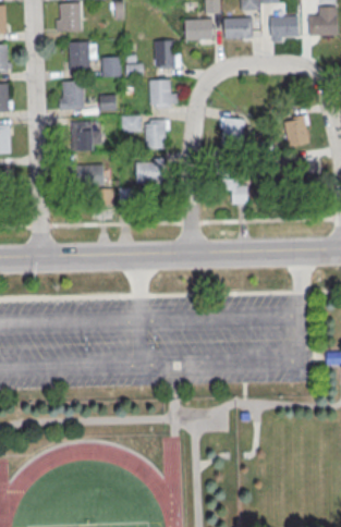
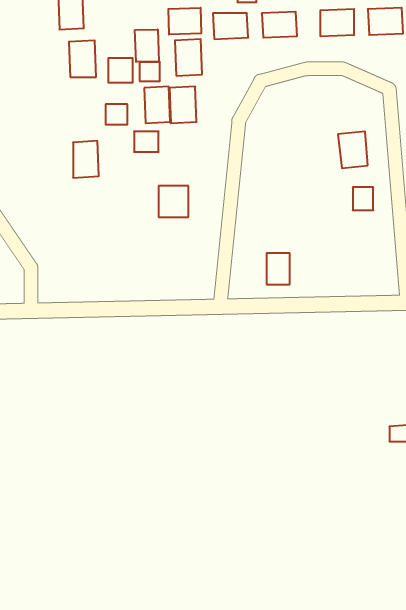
building: none -> [168,8,201,35]
building: none -> [135,29,159,62]
building: [63,82,84,110] -> none
building: [220,118,243,140] -> none
building: [145,120,166,149] -> [144,87,170,123]
building: [70,163,99,186] -> none
building: [228,176,246,201] -> [267,253,290,284]

